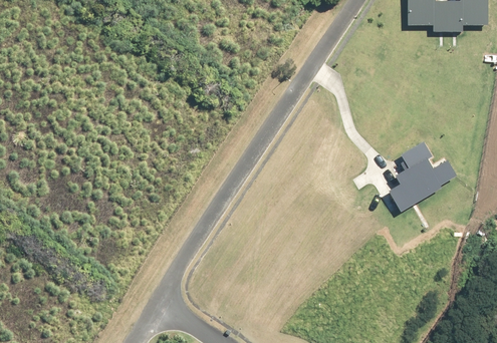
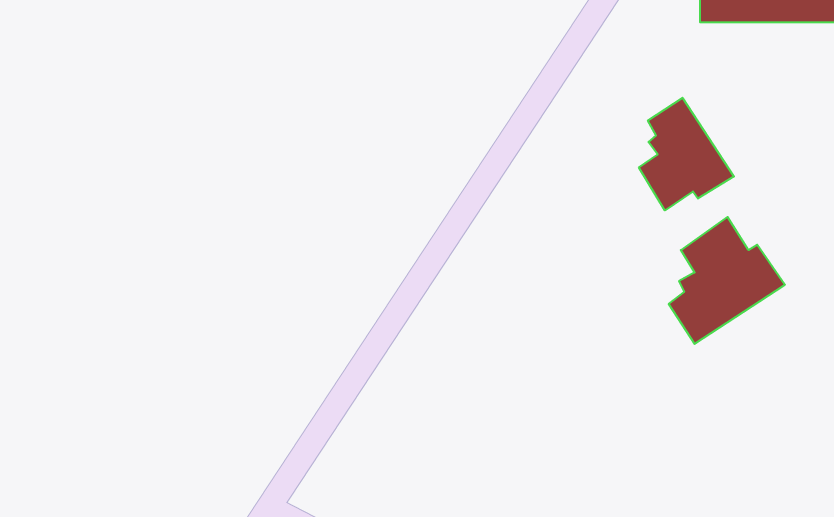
building: none -> [639,98,734,210]

